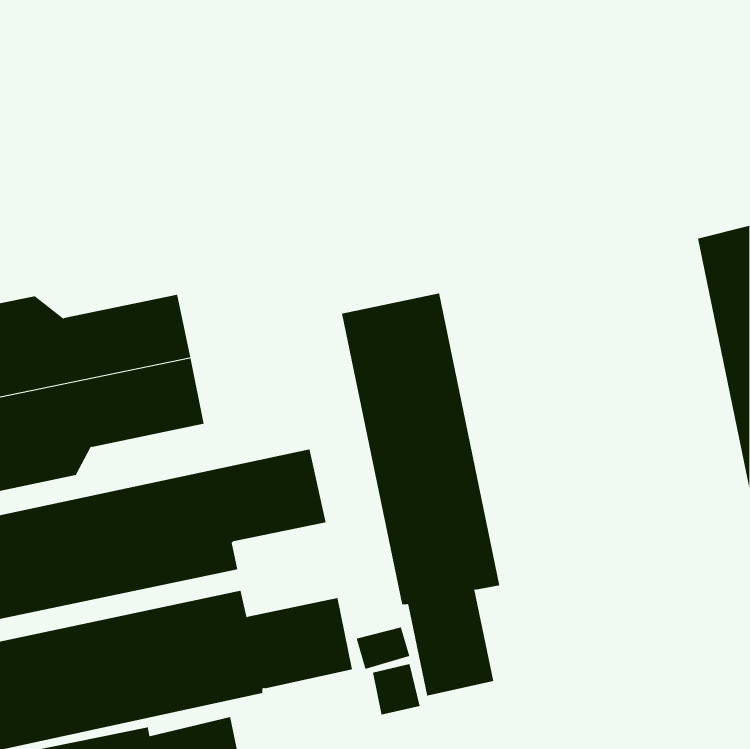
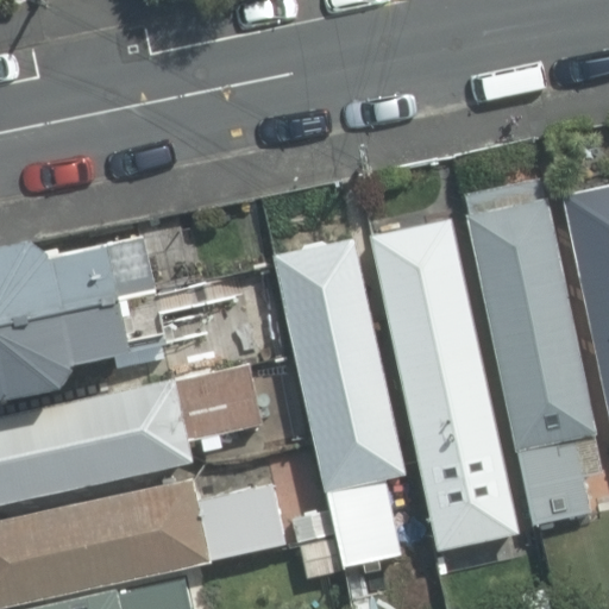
building: none -> [469,199,596,523]
building: none -> [368,220,514,550]

